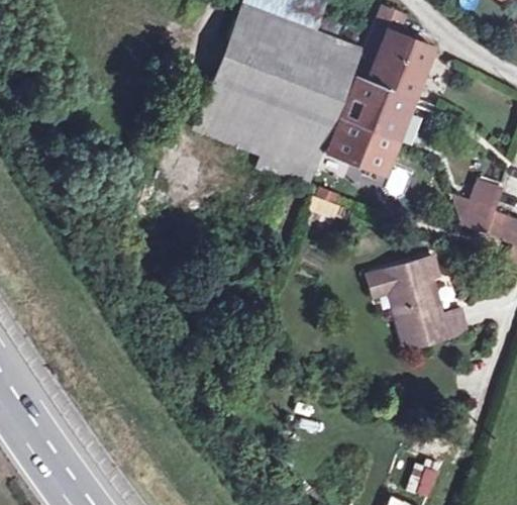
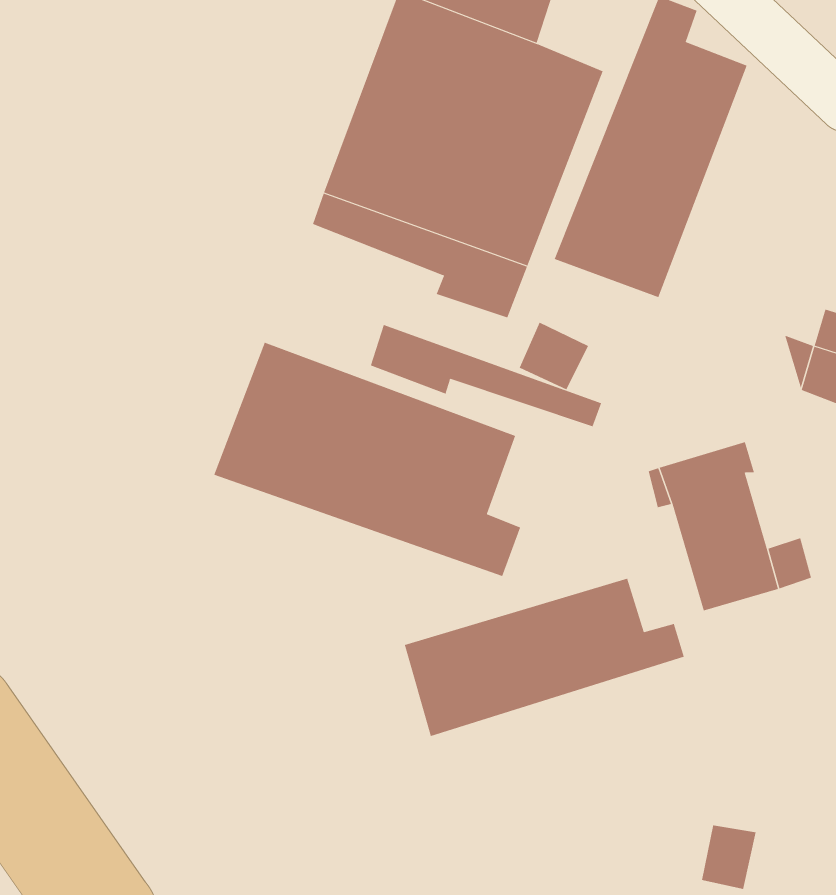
building: none -> [370,324,602,427]
building: none -> [214,342,521,577]
building: none -> [404,578,684,737]

